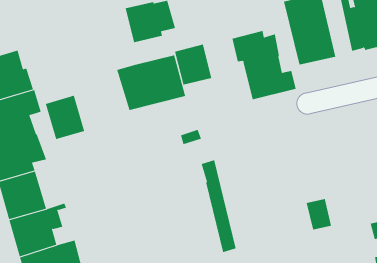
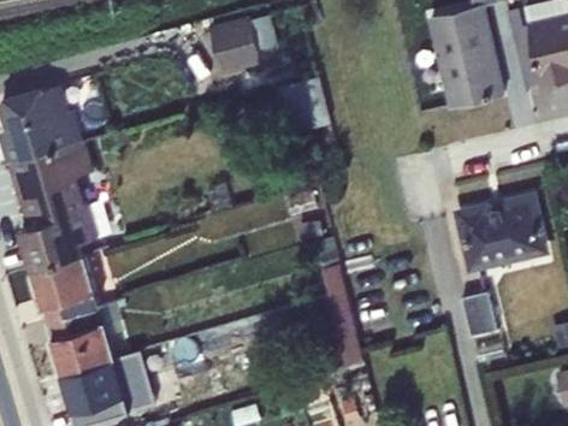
building: [232,30,296,100] -> none
building: [117,54,186,111] -> none
building: [45,95,85,140] -> none
building: none -> [458,200,542,273]

